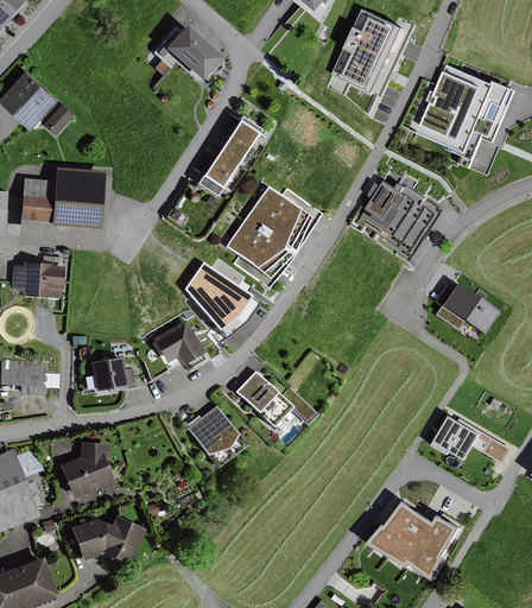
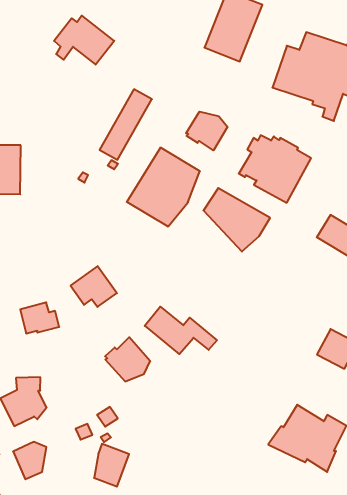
building: none -> [186,112,228,150]
building: [184,262,261,338] -> [203,188,270,252]
building: [103,514,146,565] -> [94,444,129,487]

